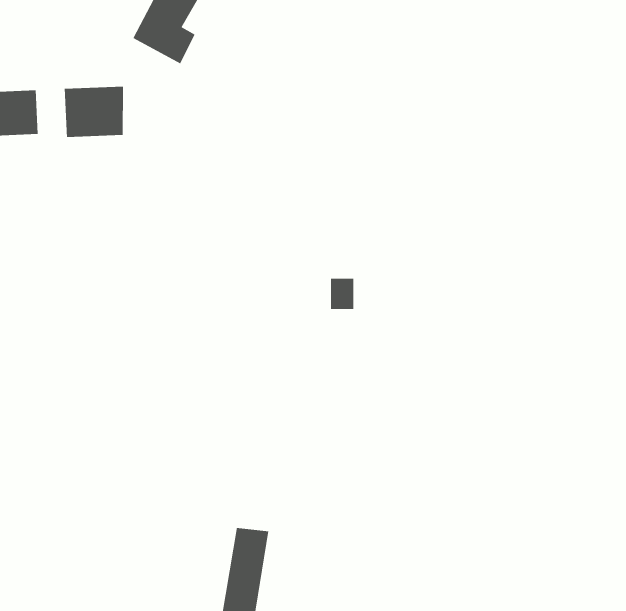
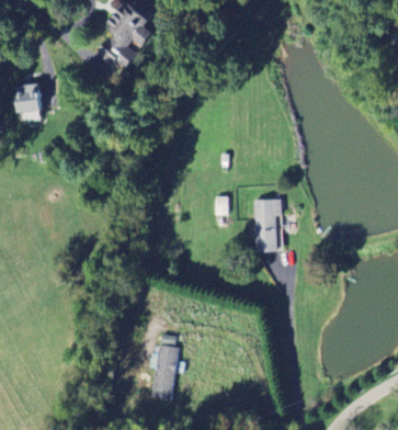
building: [64,86,124,138] -> none
building: none -> [254,200,282,252]

